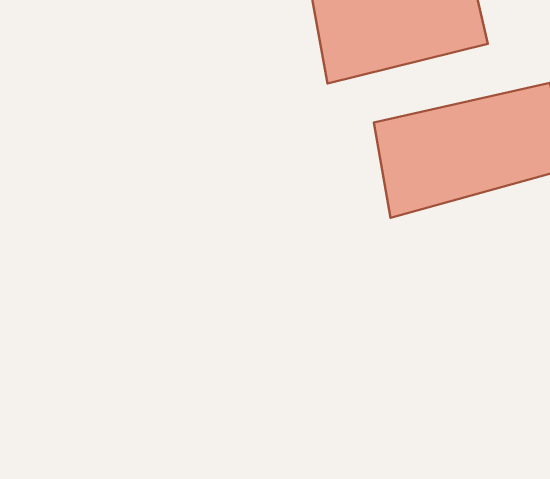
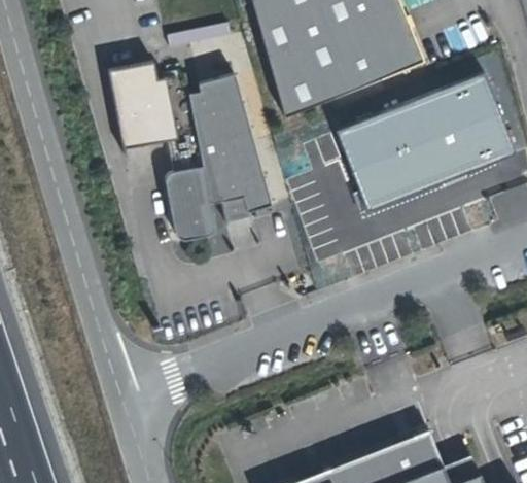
building: none -> [108,64,171,150]
building: none -> [167,68,266,243]

